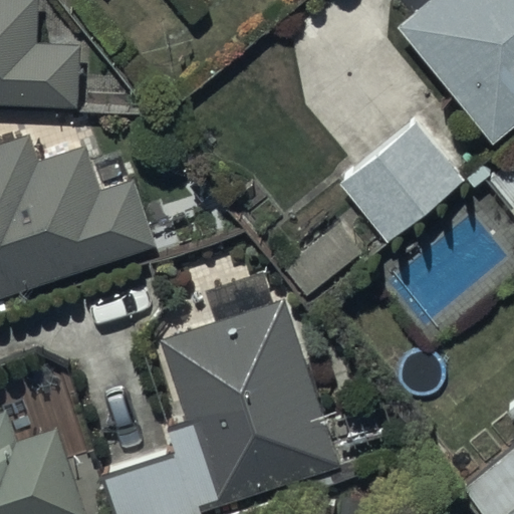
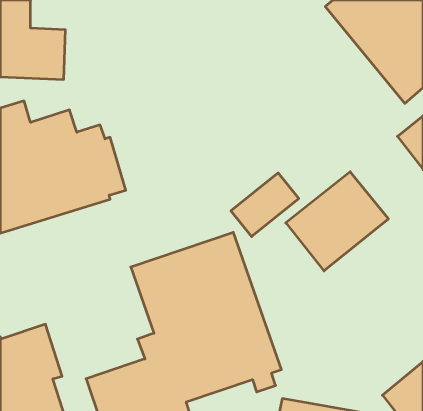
building: [336,123,461,244] -> [286,172,388,271]

